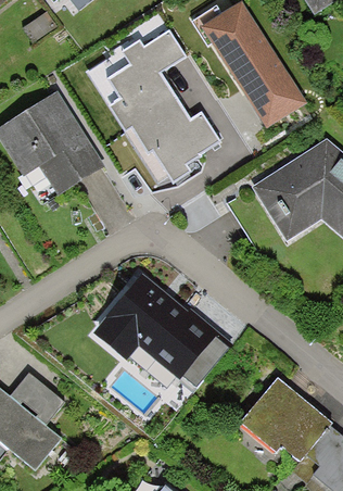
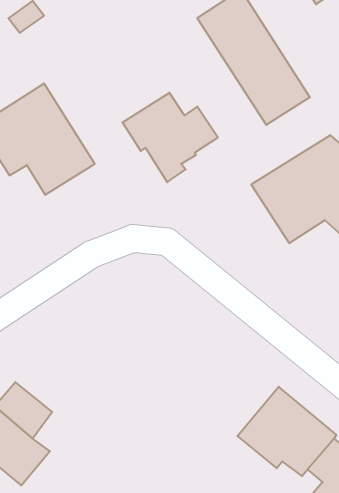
building: [107,29,186,130] -> none
building: [92,273,219,379] -> none

